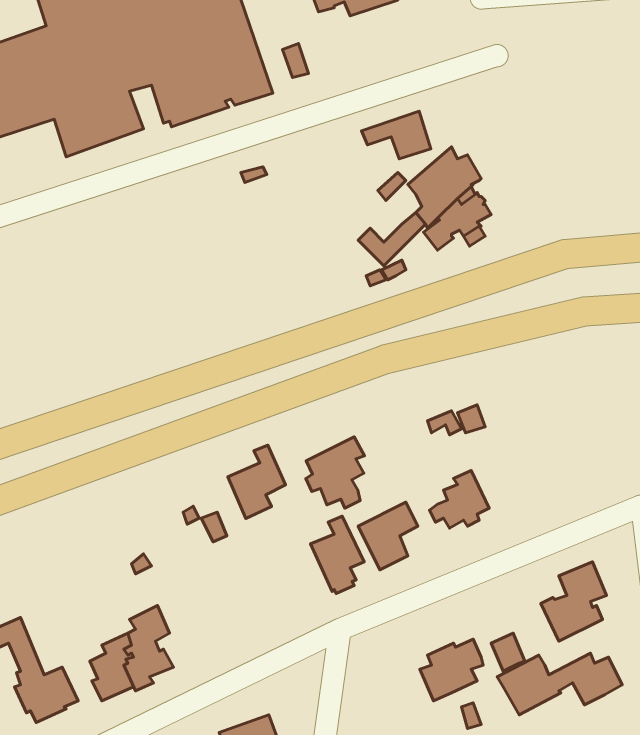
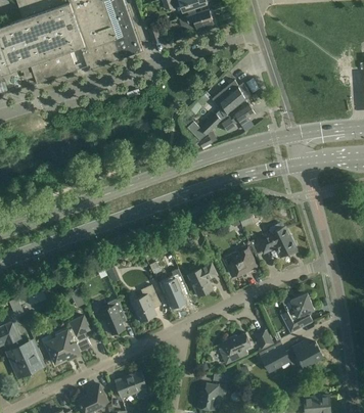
building: [361,111,431,159] -> [179,8,215,33]
building: none -> [259,222,295,256]
building: [306,437,364,508] -> none
building: [228,445,286,518] -> [131,284,161,322]
building: none -> [98,296,125,334]

